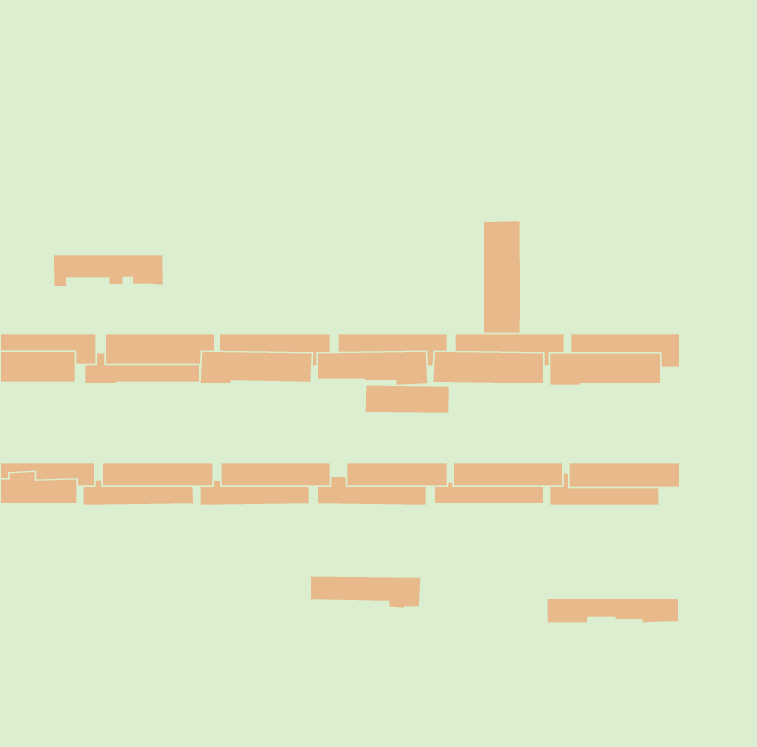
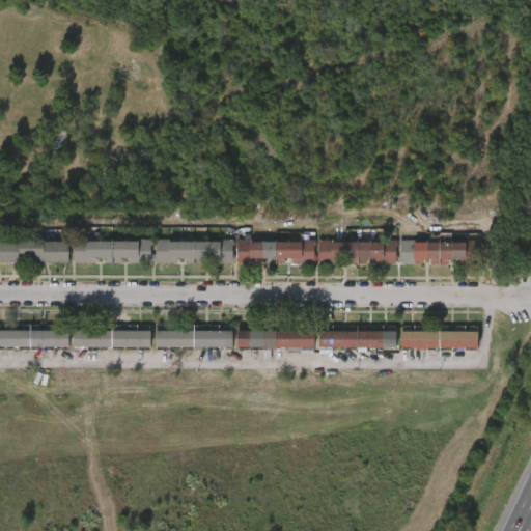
building: [483,220,521,333] -> none
building: [53,254,164,287] -> none
building: [365,385,449,414] -> none
building: [310,576,421,609] -> none
building: [547,598,679,623] -> none

